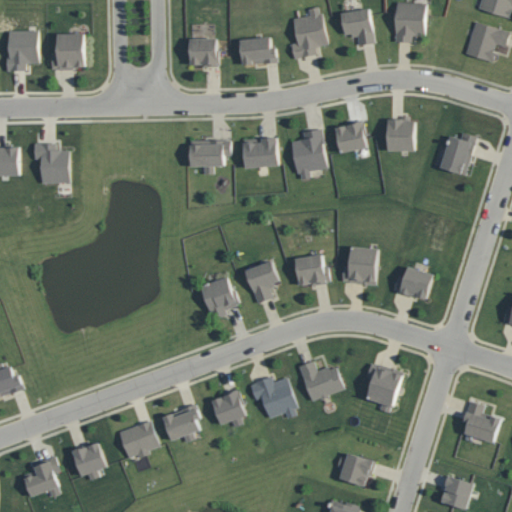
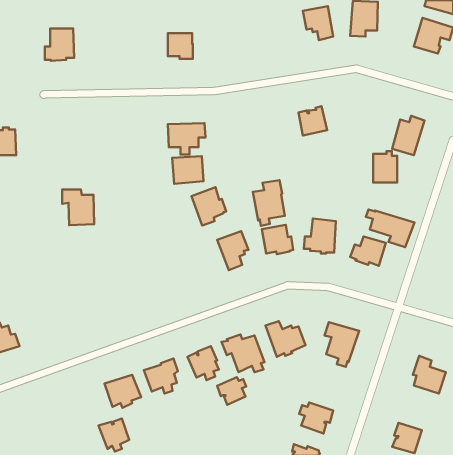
building: [289,6,326,59] -> none
building: [5,30,37,70] -> none
building: [238,37,275,65] -> none
building: [386,116,413,151] -> [373,151,397,183]
building: [290,128,326,179] -> [253,180,285,226]
building: [242,137,277,168] -> [172,156,204,184]
building: [32,143,68,183] -> [62,190,94,225]
building: none -> [366,210,414,247]
building: [199,276,238,319] -> [191,187,226,226]
building: none -> [217,377,246,405]
building: [71,442,105,479] -> [99,418,129,451]
building: [22,455,59,497] -> none

